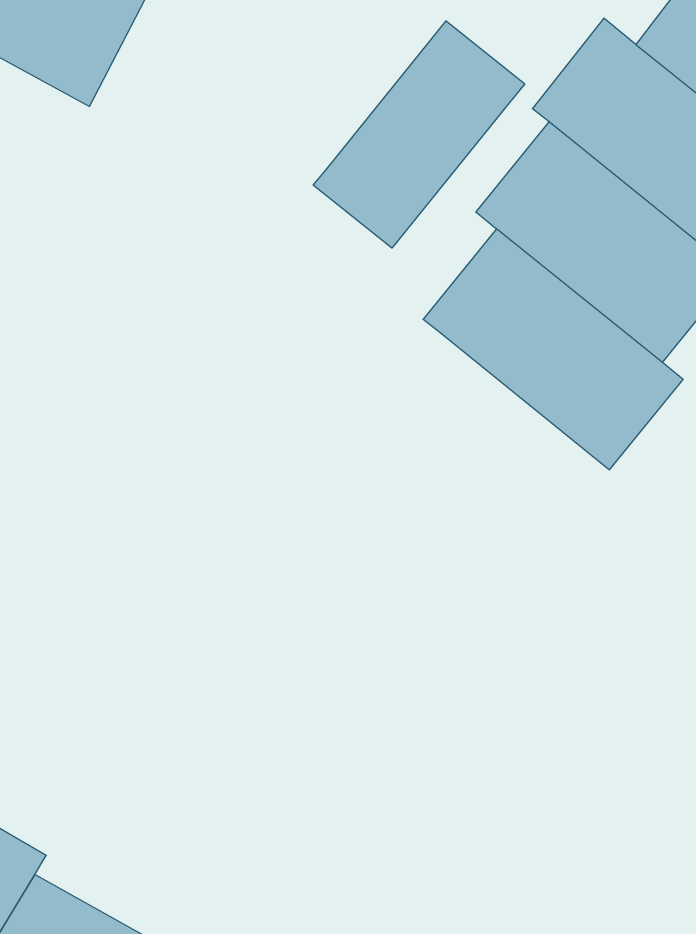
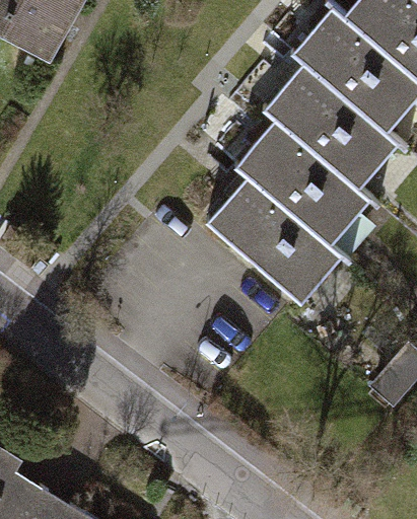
building: [313,21,525,248] -> none
building: none -> [199,181,339,310]

